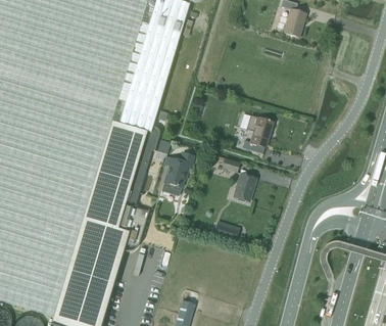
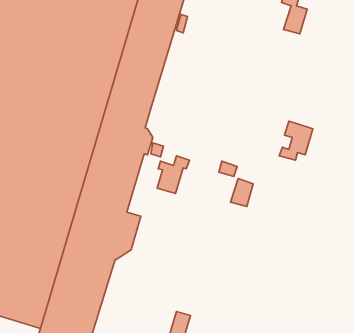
building: [240,114,272,151] -> [279,121,313,160]

